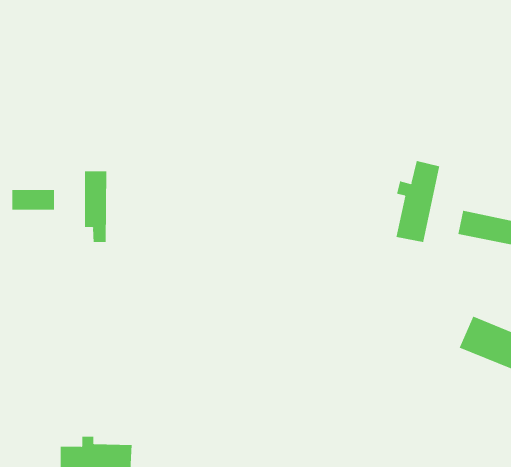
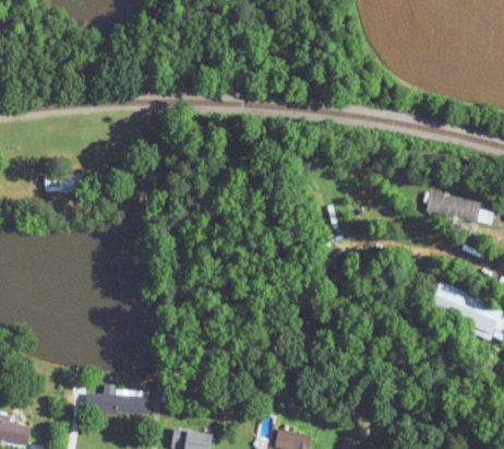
building: [396,160,440,243] -> none
building: [84,170,107,243] -> none

